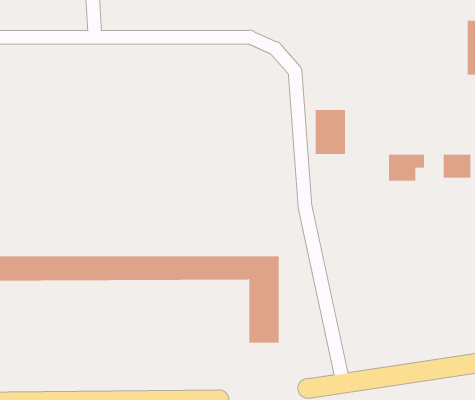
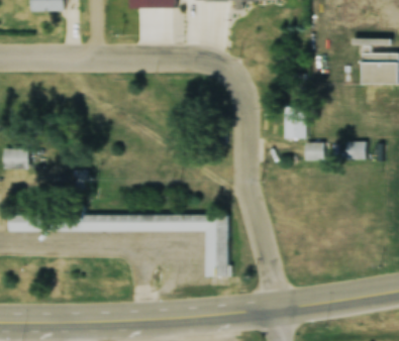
building: [315,109,346,155] -> [284,106,306,138]

